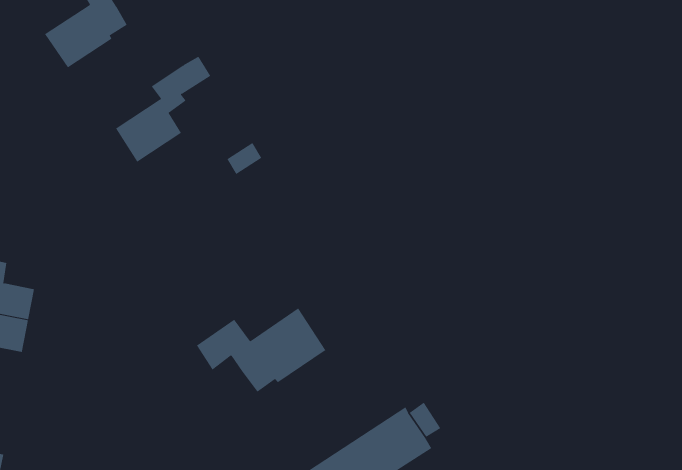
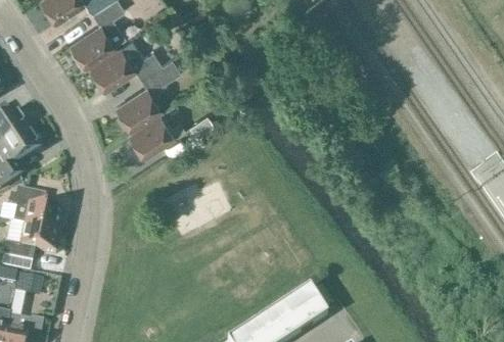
building: none -> [88,46,159,88]
building: none -> [127,113,183,155]
building: [196,308,326,392] -> none

